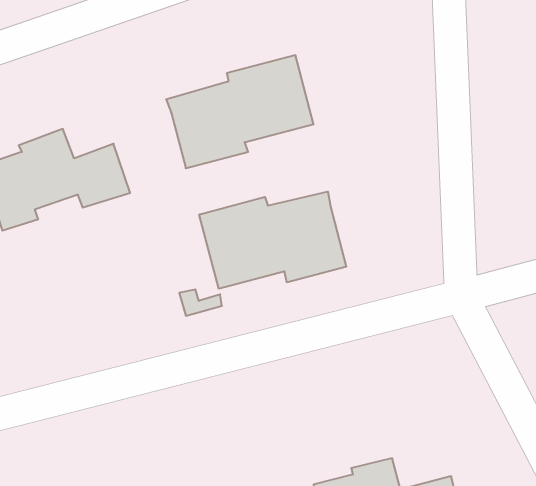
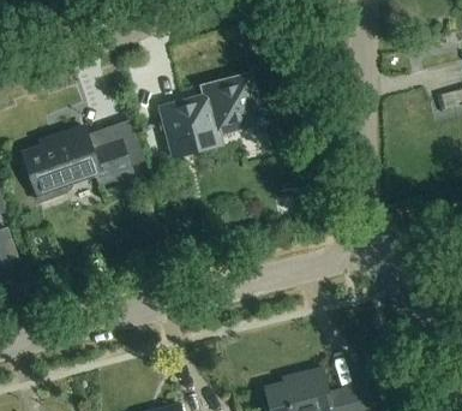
building: [199,192,346,289] -> none

